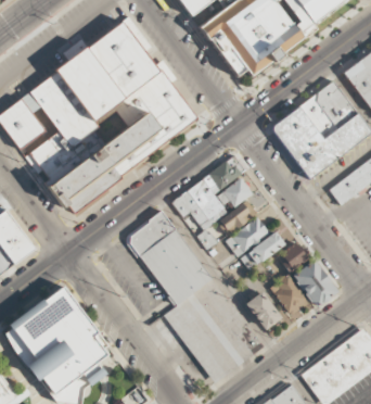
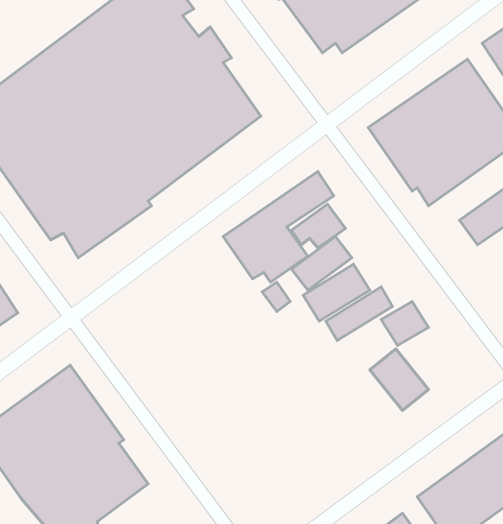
building: [126,210,261,383] -> none
building: [293,260,336,307] -> none
building: [246,290,280,329] -> none

